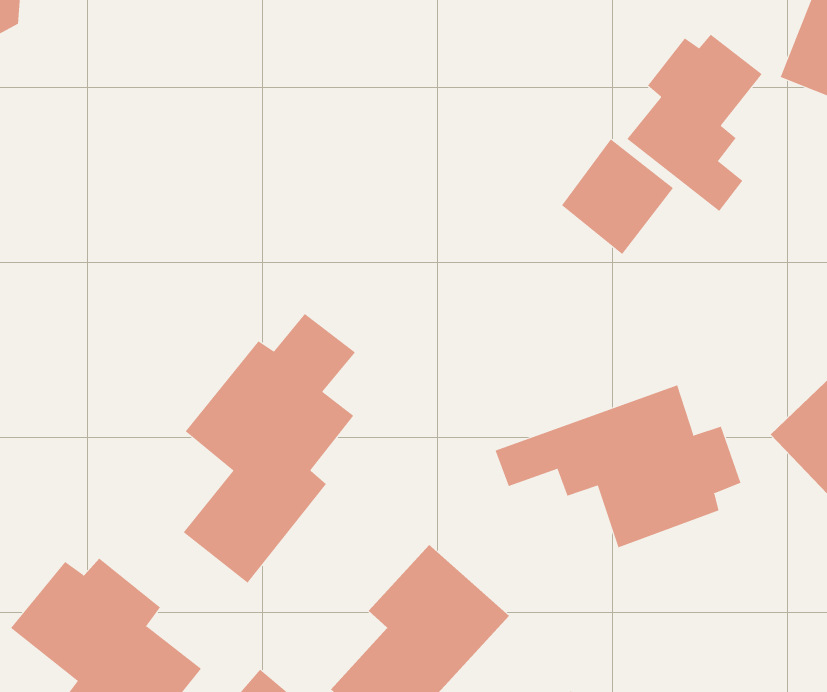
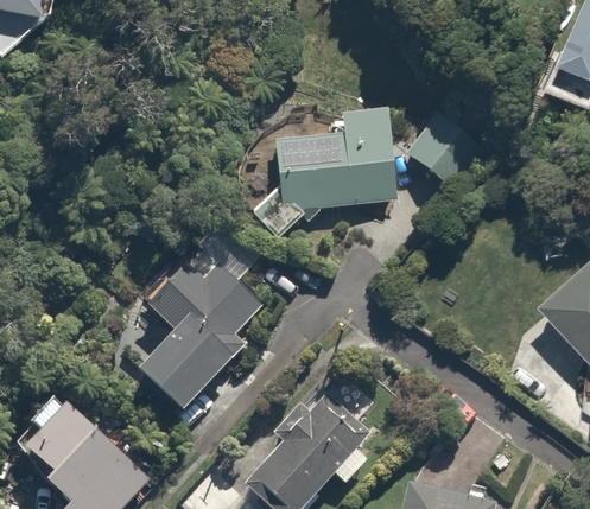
building: [627,34,763,212] -> none
building: none -> [254,109,398,243]
building: [495,384,741,548] -> none

